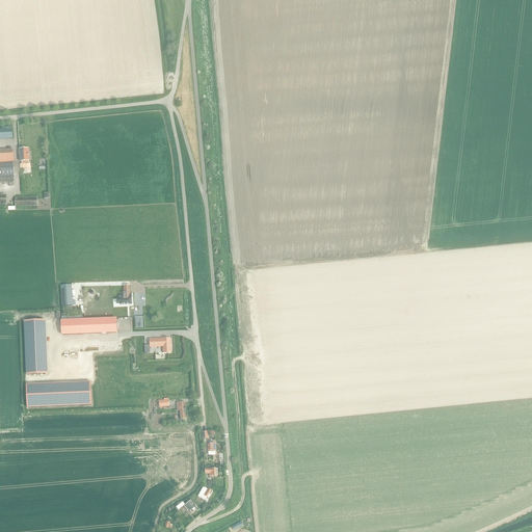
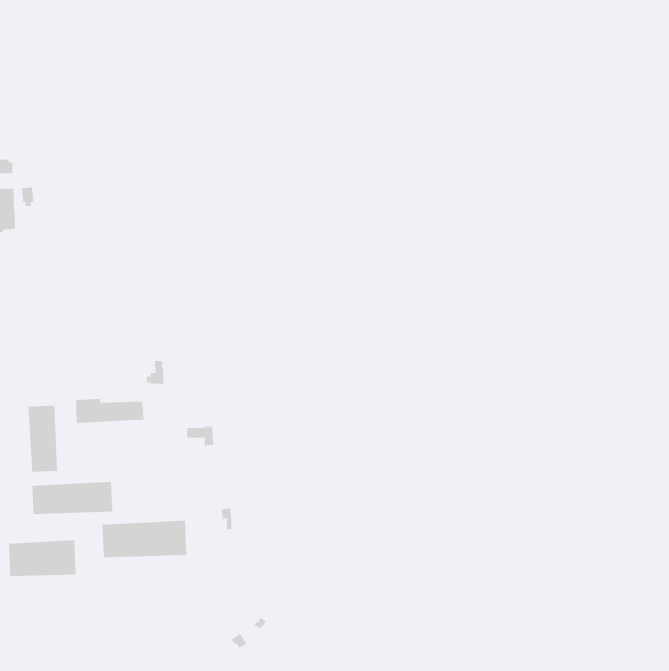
building: none -> [102,520,187,558]
building: none -> [9,539,76,577]

